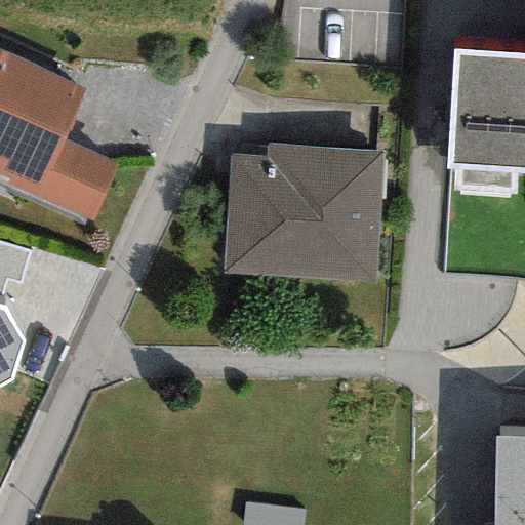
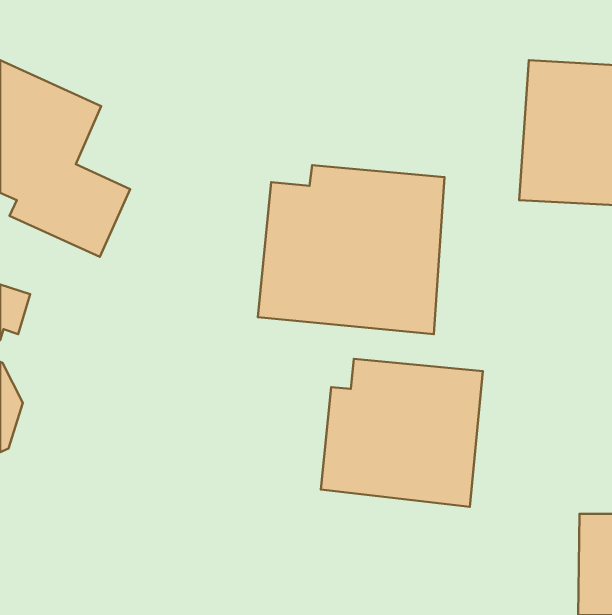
building: none -> [321,359,483,507]

